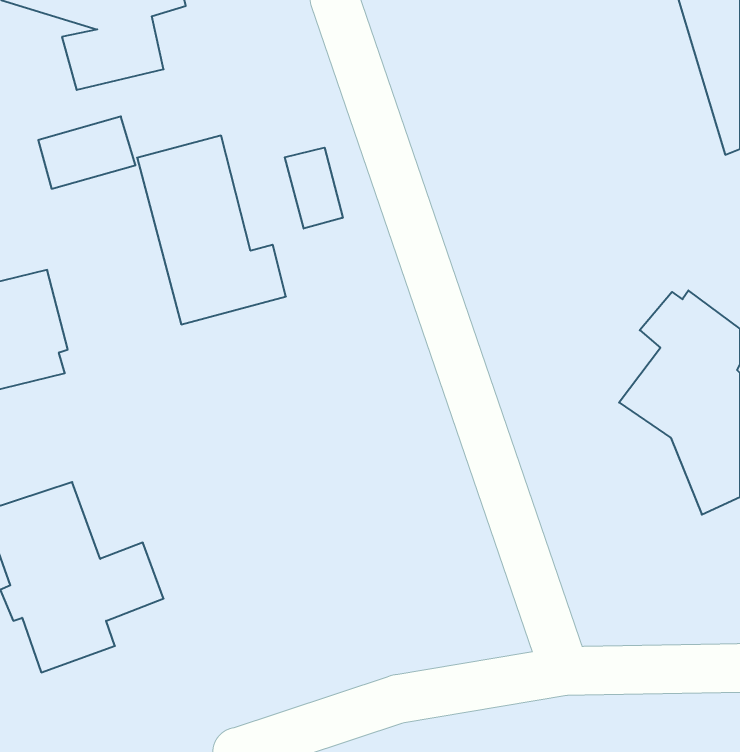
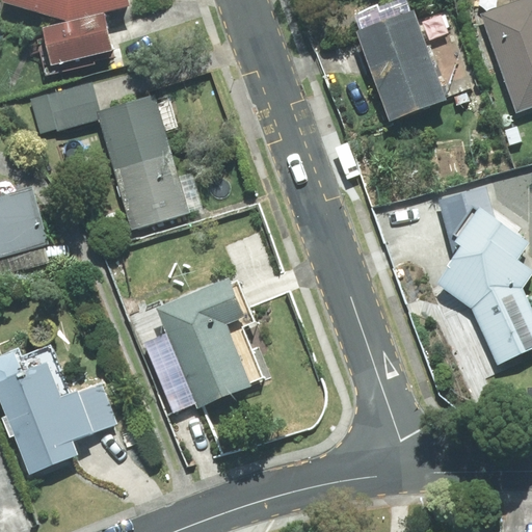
building: none -> [357,8,449,122]
building: [285,148,343,229] -> none
building: none -> [148,275,264,410]

